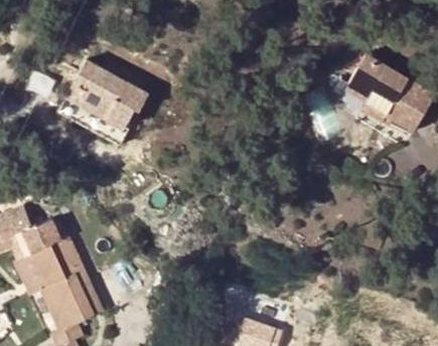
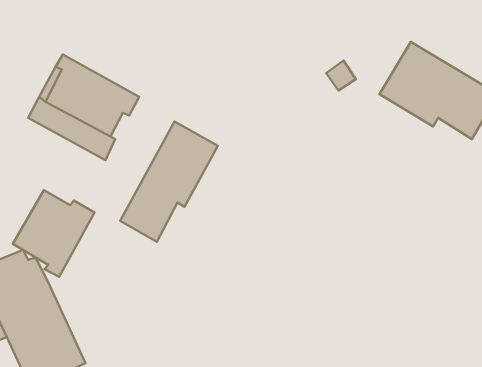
building: none -> [120,122,218,242]
building: none -> [13,190,95,277]

